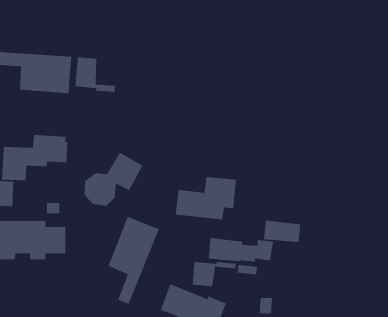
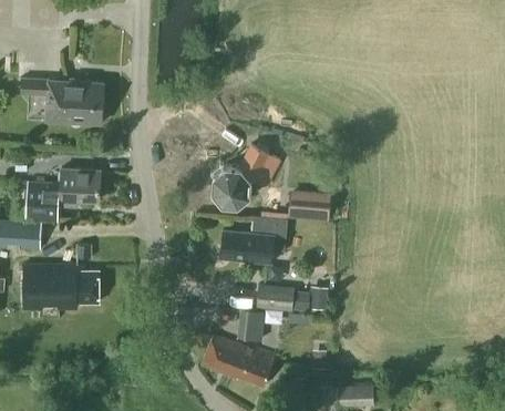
building: [74,56,116,93] -> none
building: [84,151,143,206] -> [213,145,279,206]
building: [107,216,160,305] -> none
building: [263,220,301,243] -> [288,194,330,219]

